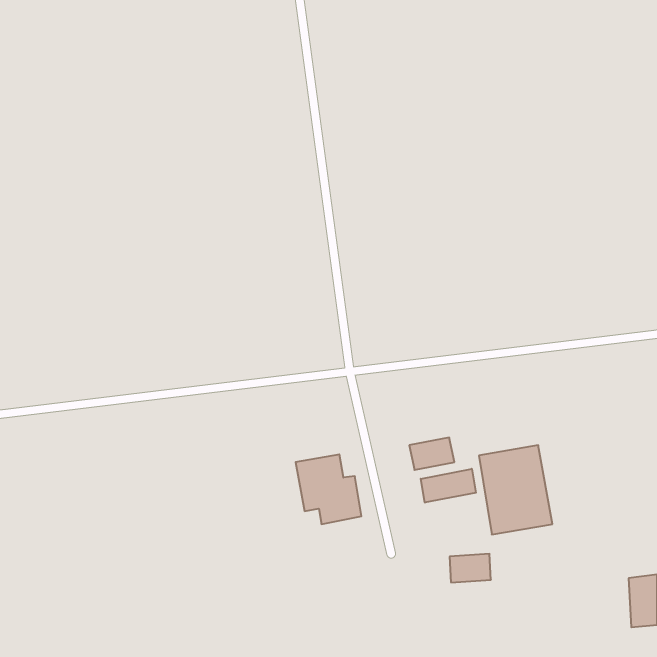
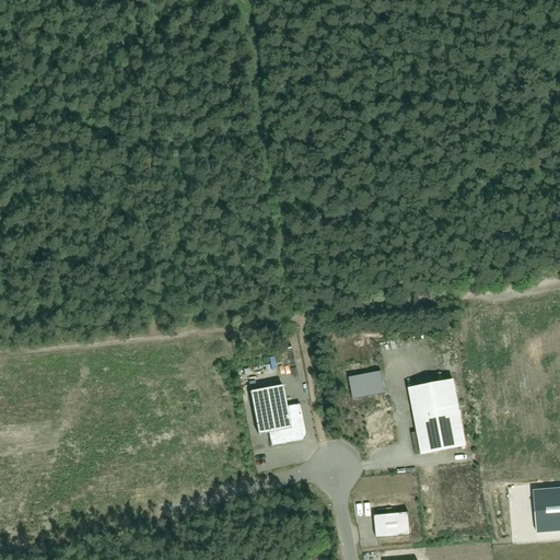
building: [421,469,476,503] -> none
building: [450,554,491,582] -> [374,511,409,535]

